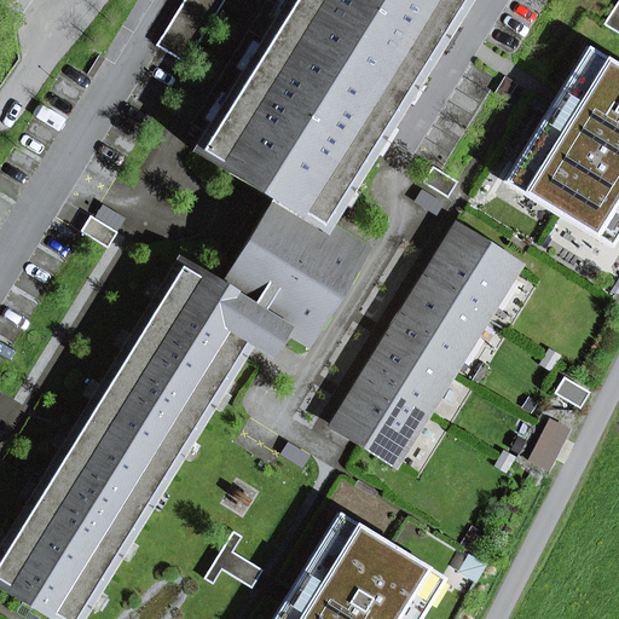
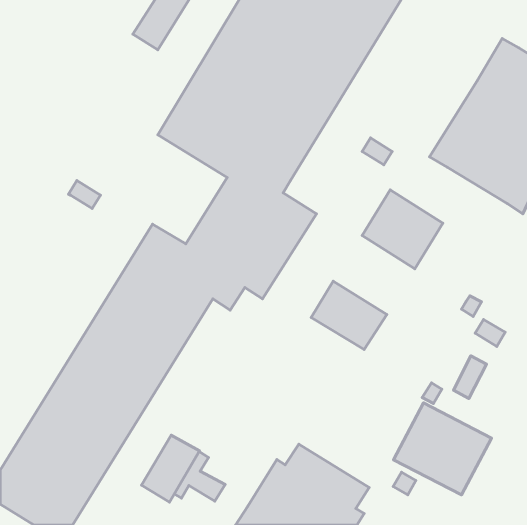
building: [392,274,487,366] -> none
building: [335,370,428,458] -> none
building: none -> [393,403,492,495]
building: none -> [142,435,199,502]

